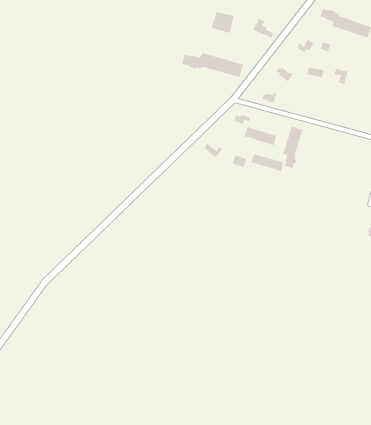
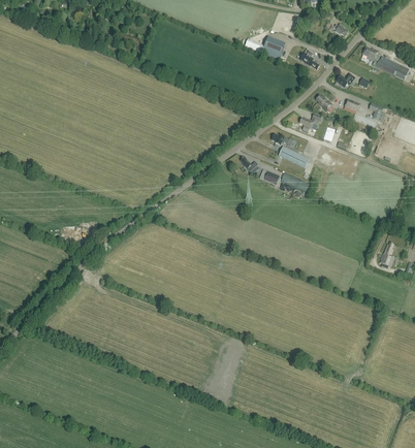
building: [181,52,244,78] -> none
building: [282,126,304,169] -> none

